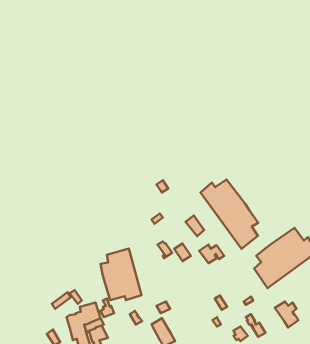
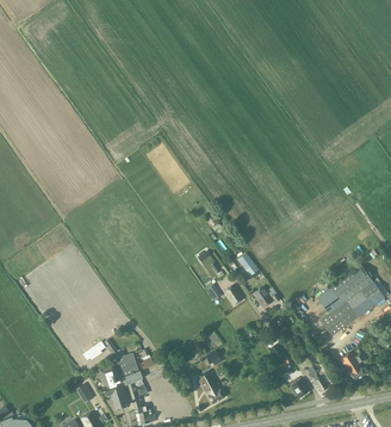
building: [200,180,258,249] -> none
building: [100,248,141,300] -> none

